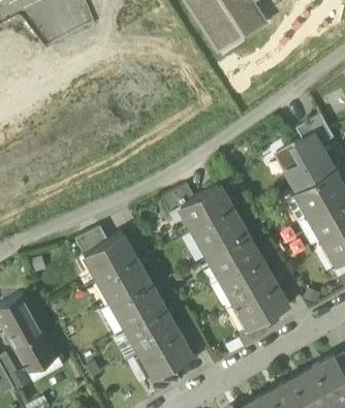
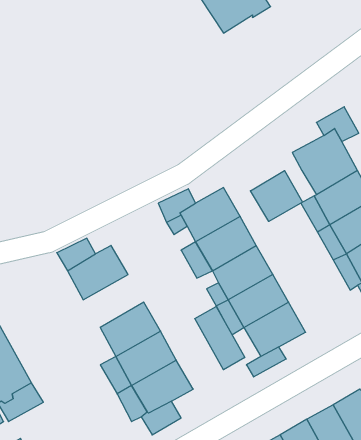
building: none -> [250,171,303,221]
building: [99,256,151,302] -> none
building: none -> [195,306,245,370]

